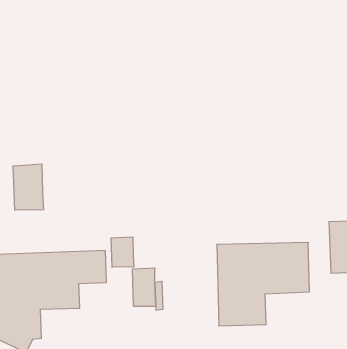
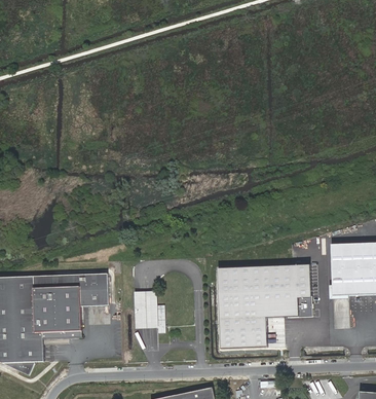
building: [13,164,44,210] -> none
building: [111,237,134,267] -> none

